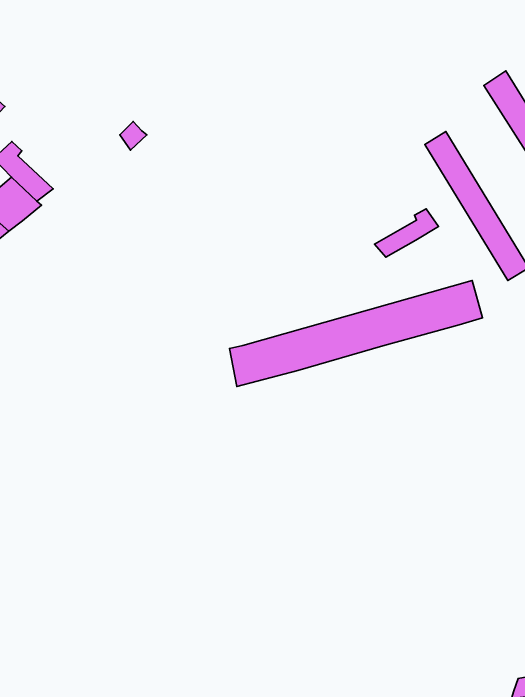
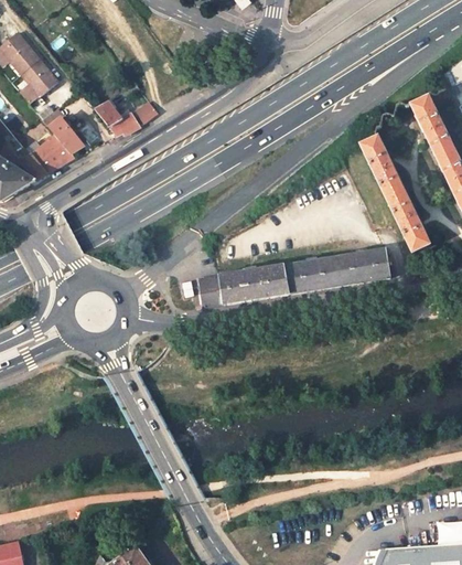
building: none -> [95,100,139,136]
building: [375,209,438,257] -> none

